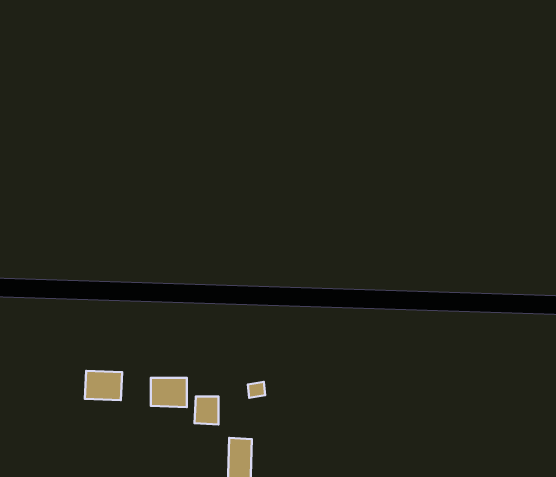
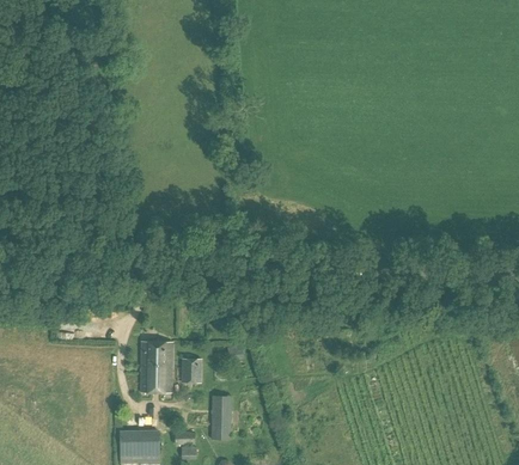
building: [85,371,122,400] -> [140,366,173,392]

